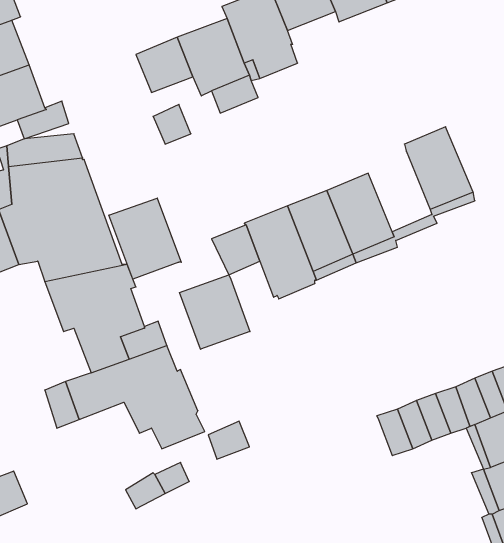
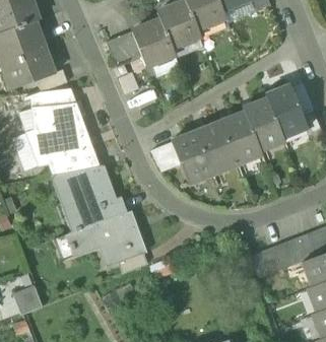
building: none -> [244,97,282,145]
building: [109,198,181,279] -> none
building: [180,275,250,349] -> none

